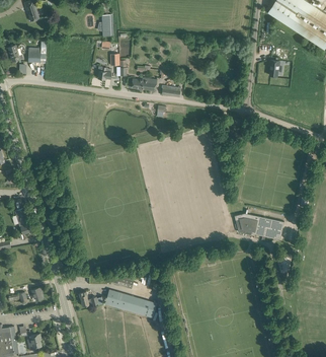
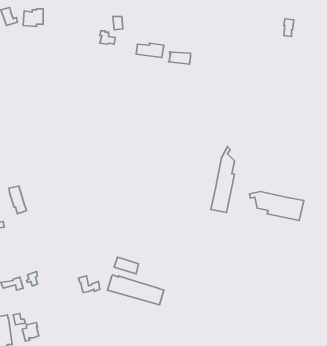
building: none -> [211,146,234,212]

